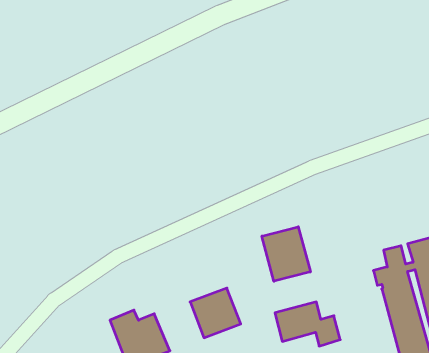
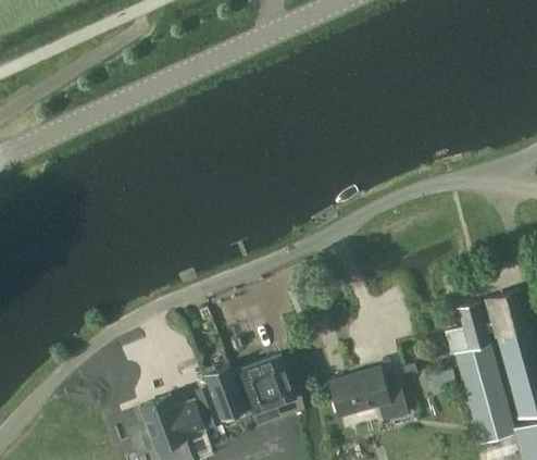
building: [262,227,310,281] -> none
building: none -> [205,370,246,424]

